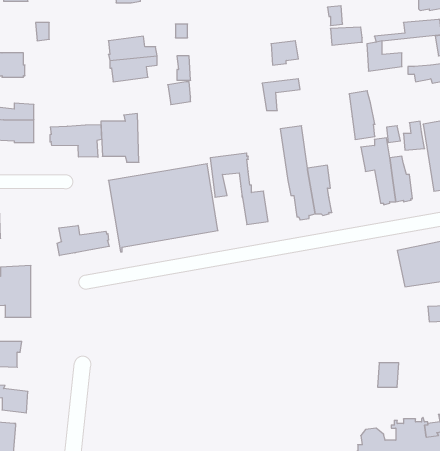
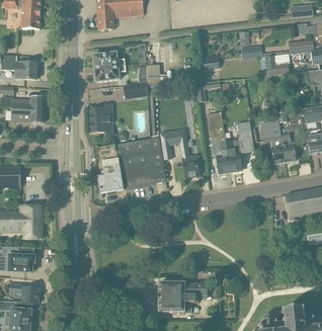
building: [349,91,375,139] -> [237,120,254,153]
building: [50,124,102,157] -> none
building: [57,225,109,256] -> none
building: none -> [158,282,208,313]

